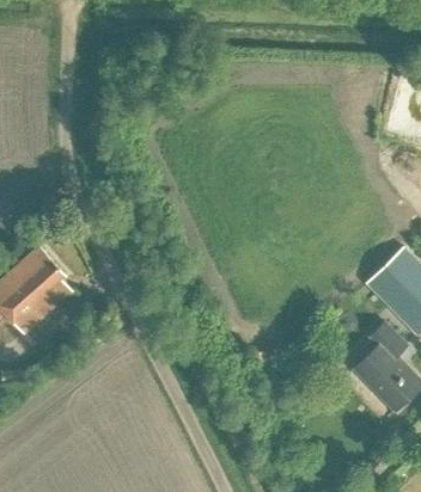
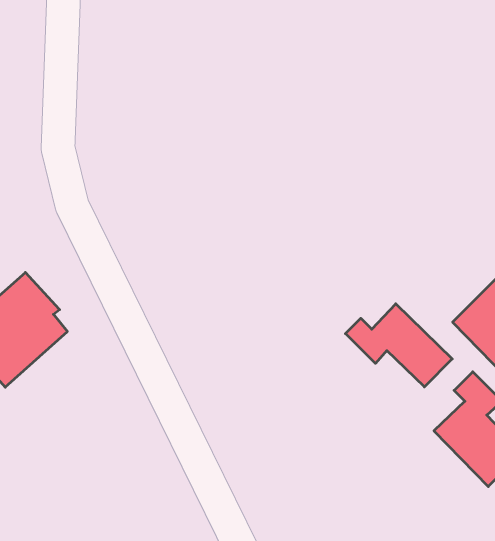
building: none -> [345,304,452,387]

